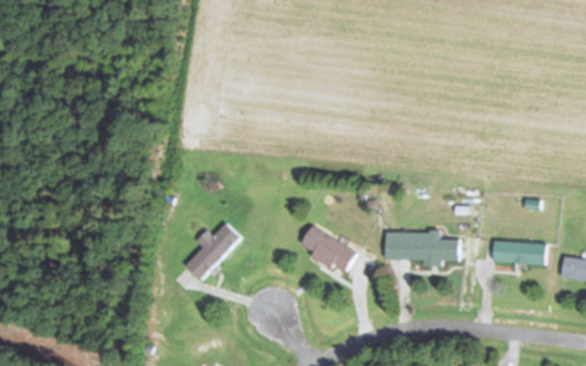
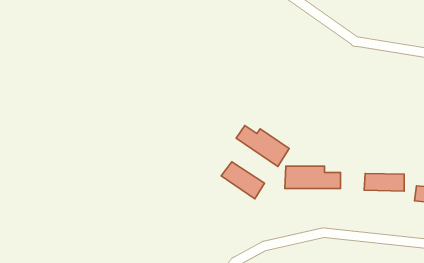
building: none -> [236,126,289,167]
building: [185,223,241,279] -> none

